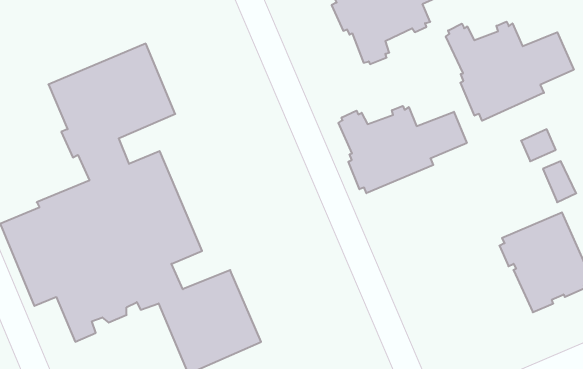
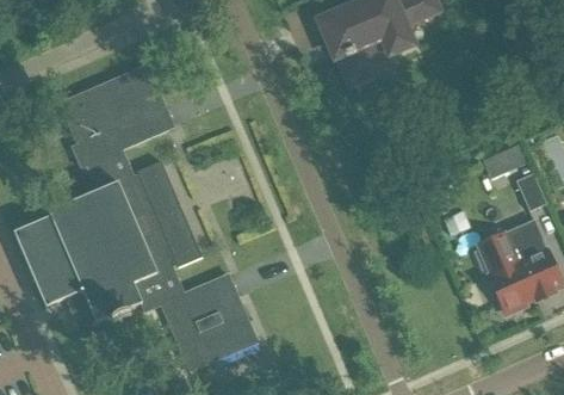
building: [446,22,574,121] -> none
building: [338,106,467,193] -> none

